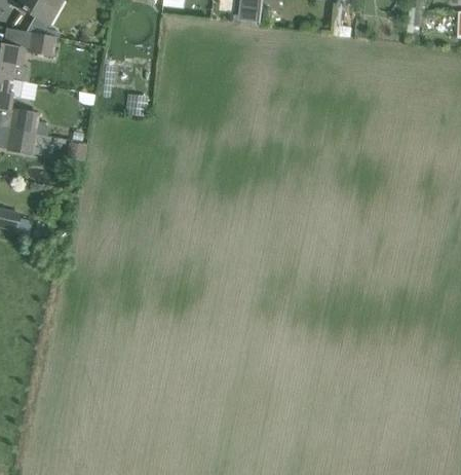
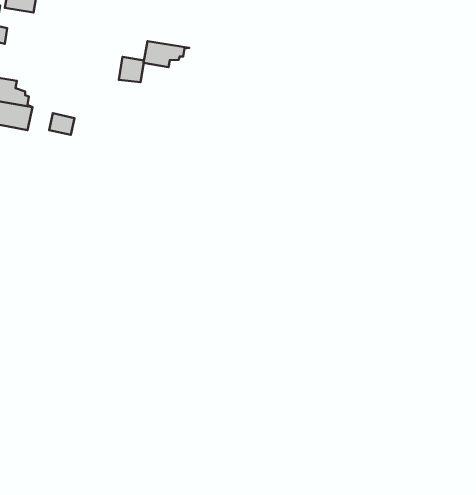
building: none -> [144,41,189,67]

